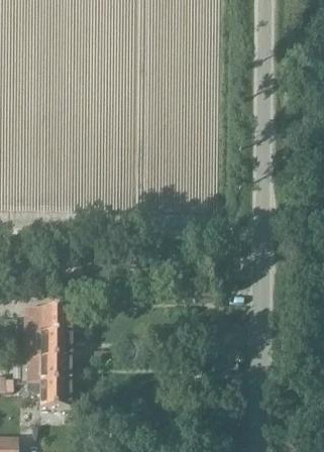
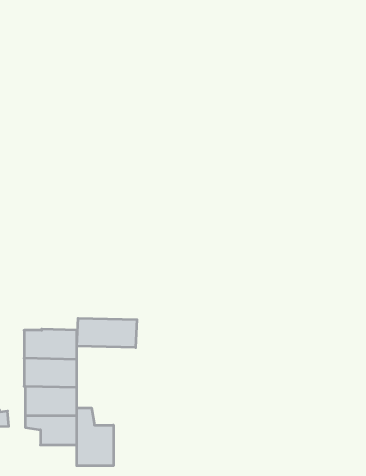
building: none -> [77,318,137,348]
building: none -> [77,408,113,466]

